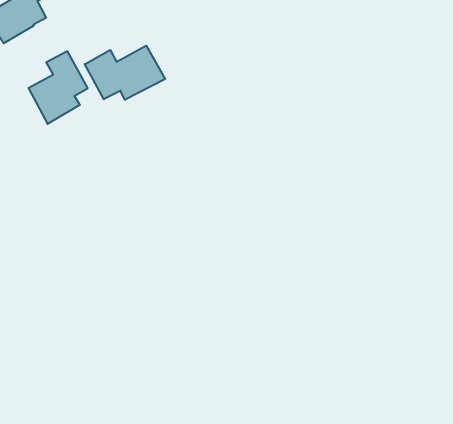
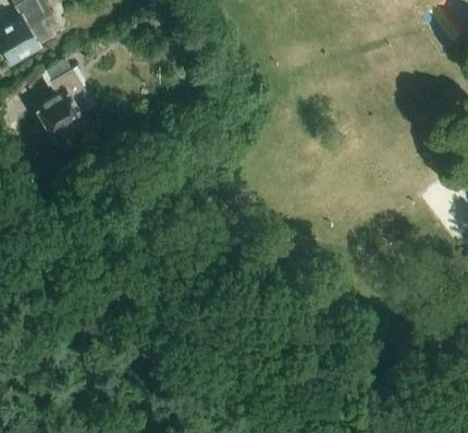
building: [85,46,165,100] -> none

